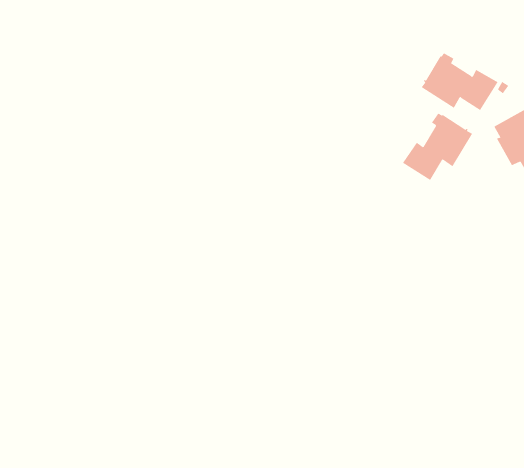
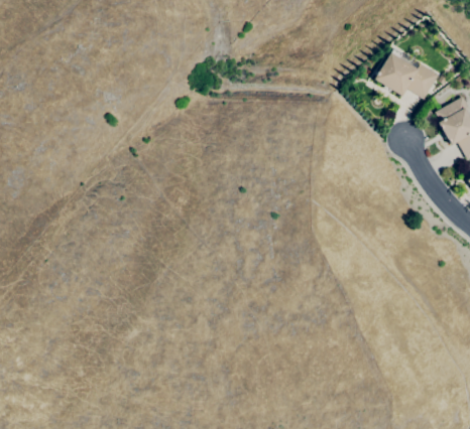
building: [402,113,473,181] -> none

